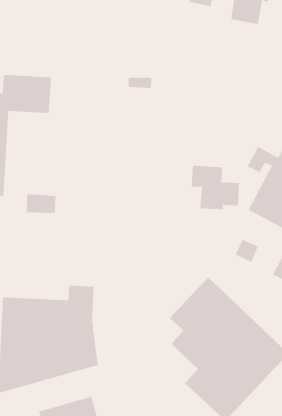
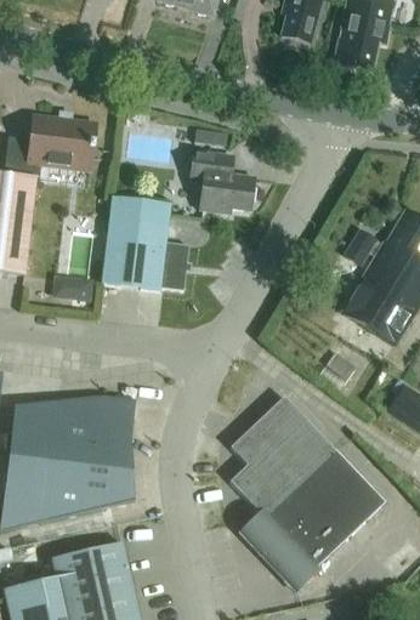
building: none -> [100,195,187,290]
building: [191,165,240,210] -> [189,152,254,212]

